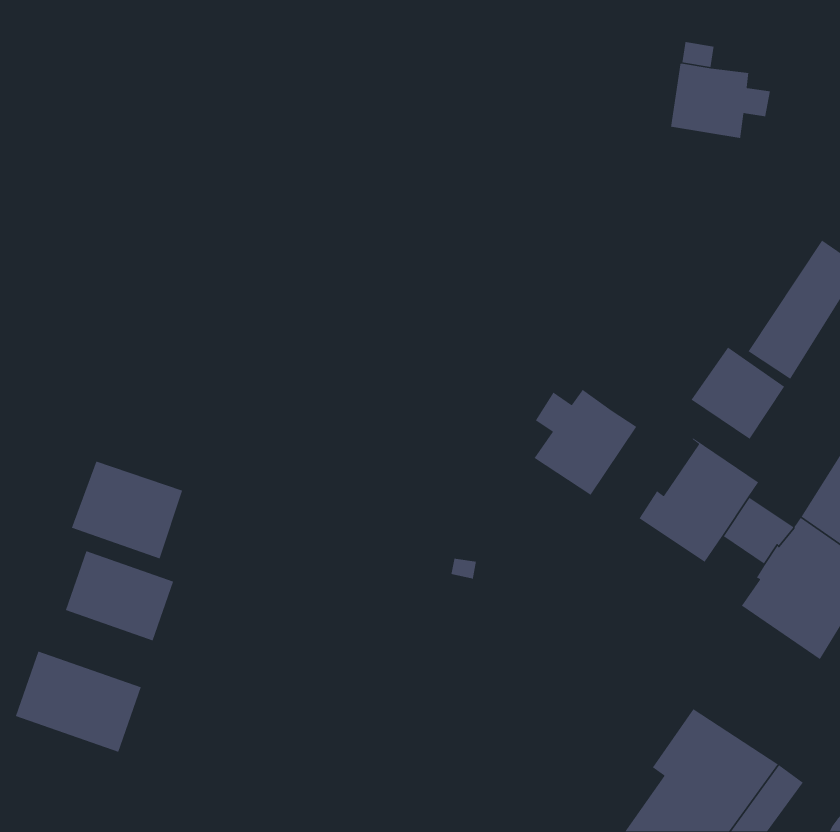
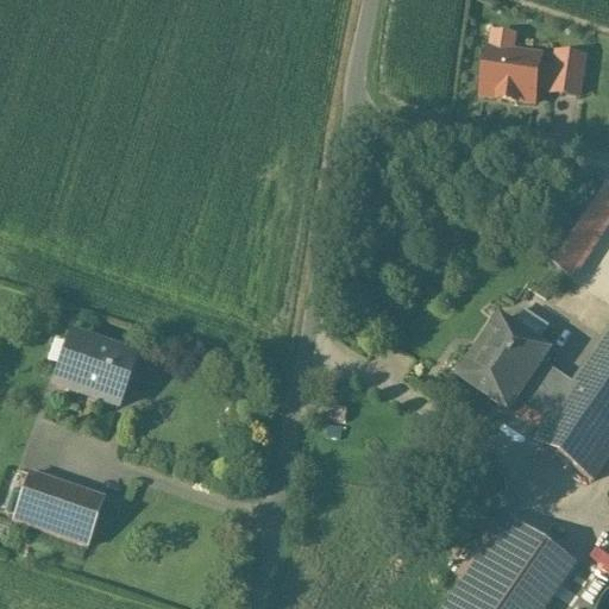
building: none -> [554,50,586,92]
building: [691,347,785,440] -> none
building: [534,389,637,496] -> none
building: [65,550,174,641] -> none

